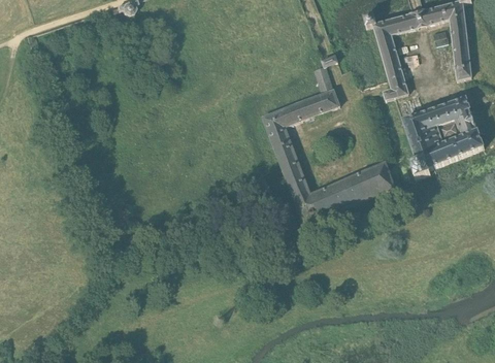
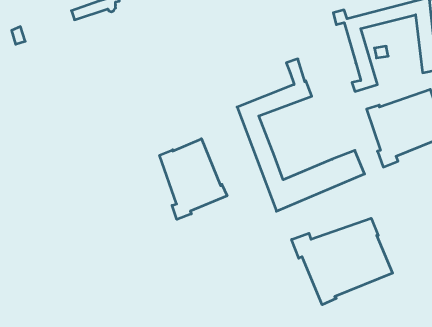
building: none -> [160,139,227,219]
building: none -> [292,218,393,305]

